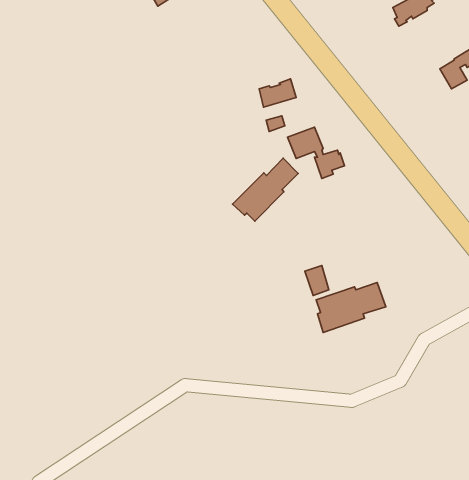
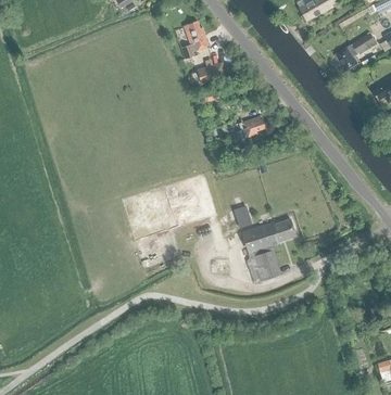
building: none -> [181,20,207,58]
building: [232,158,298,221] -> none
building: none -> [251,250,278,281]

